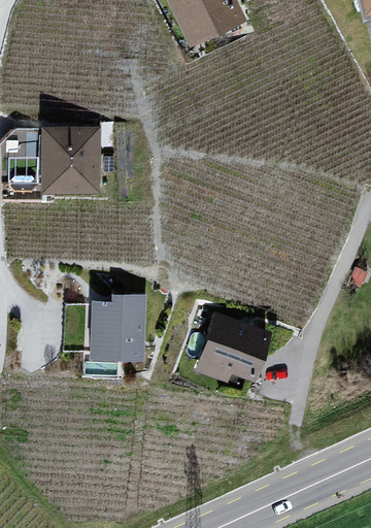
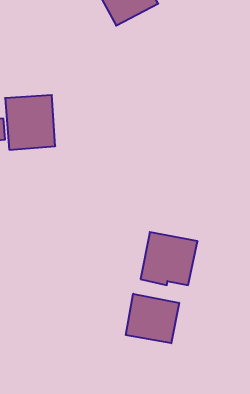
building: [92,295,147,359] -> none
building: none -> [126,294,179,343]

